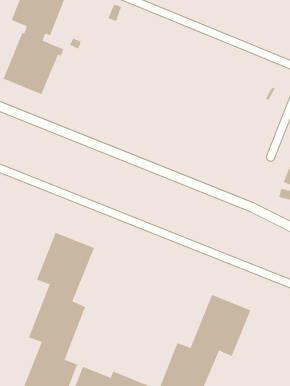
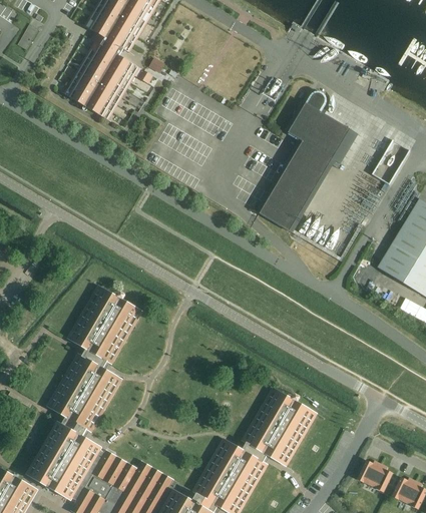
building: none -> [259,91,360,233]

